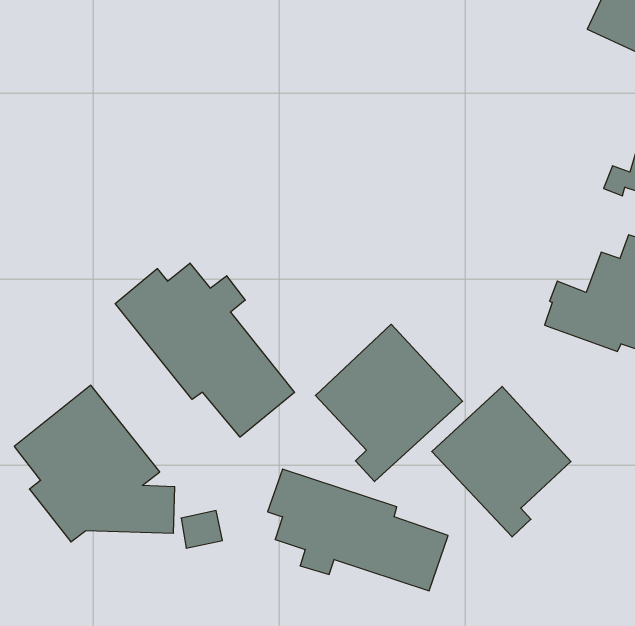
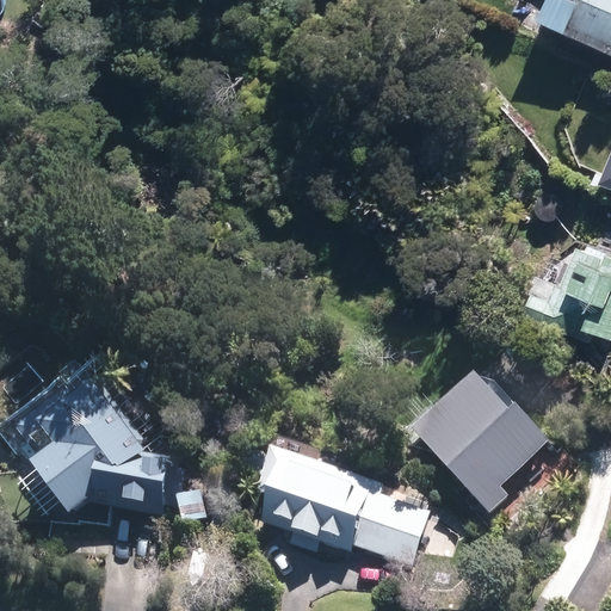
building: [115,263,295,437] -> none
building: [315,324,463,482] -> none

